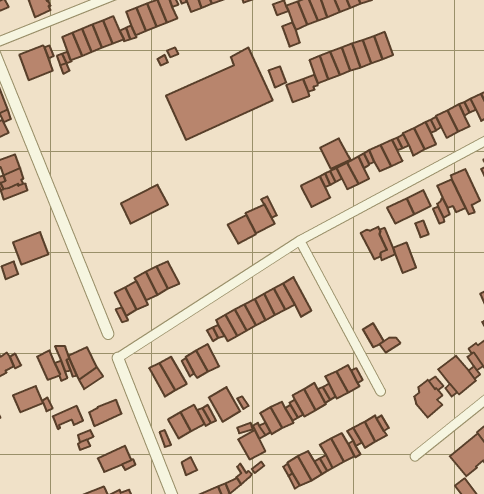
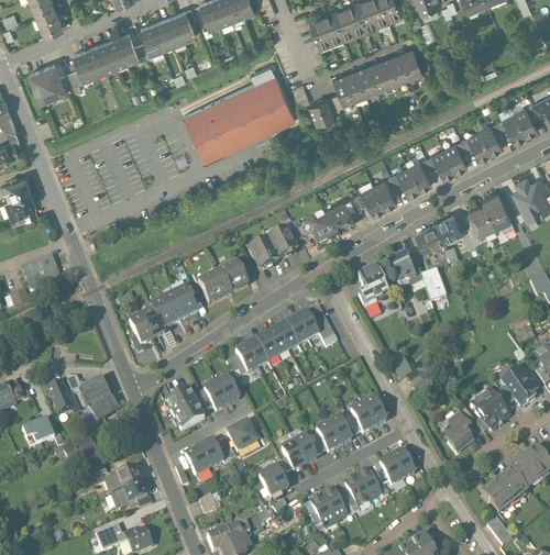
building: [320,138,350,169] -> [307,212,339,244]
building: [121,185,168,224] -> [199,263,249,303]
building: none -> [359,267,388,308]
building: [89,400,122,426] -> [107,467,141,495]

